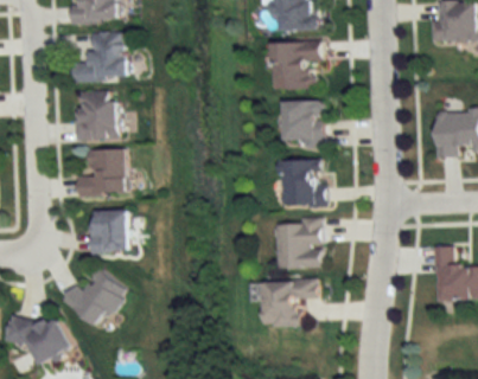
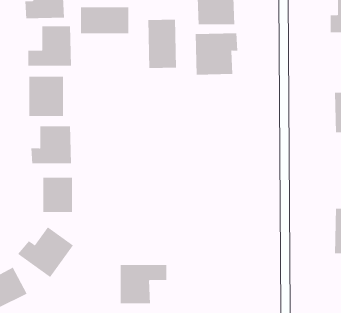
building: none -> [80,7,129,34]
building: none -> [148,19,177,69]
building: [281,101,324,146] -> none
building: [276,161,321,206] -> none
building: [274,219,319,268] -> none
building: [260,278,316,325] -> [120,264,167,304]

